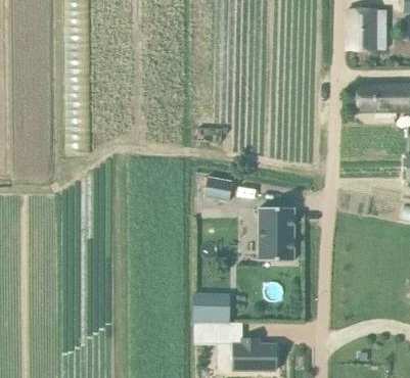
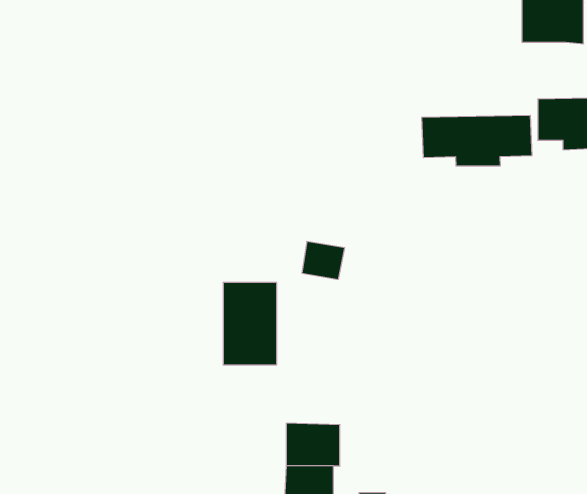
building: none -> [422,115,532,166]
building: [260,206,294,259] -> [223,283,277,365]

